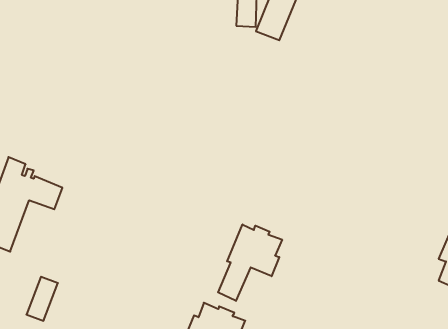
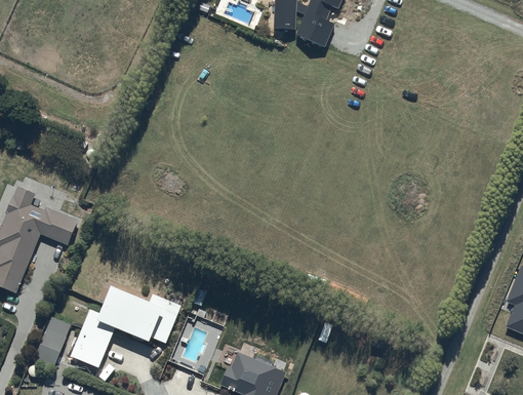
building: [218,224,282,301] -> none
building: none -> [70,286,180,367]

